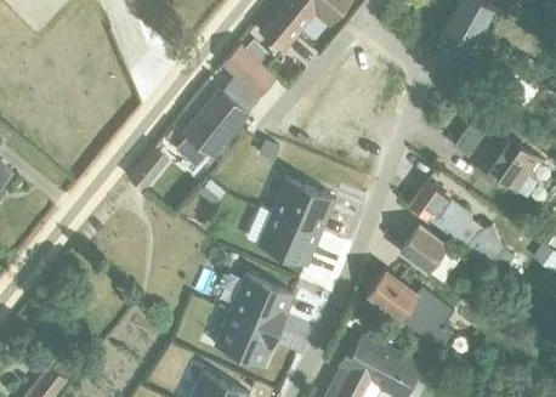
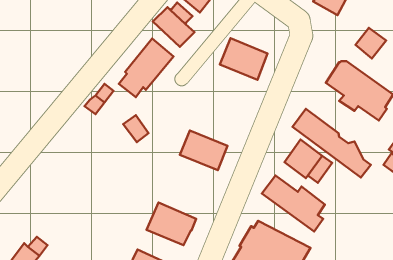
building: [270,176,334,232] -> [220,38,268,80]
building: [227,273,293,330] -> none

